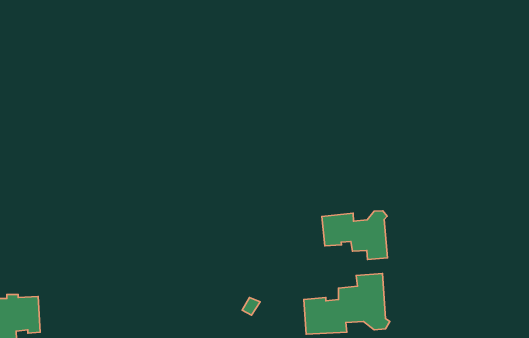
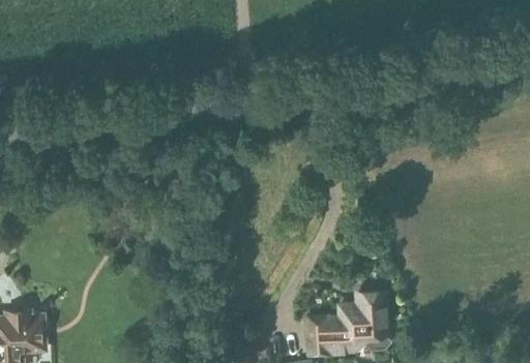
building: [322,211,388,259] -> none

